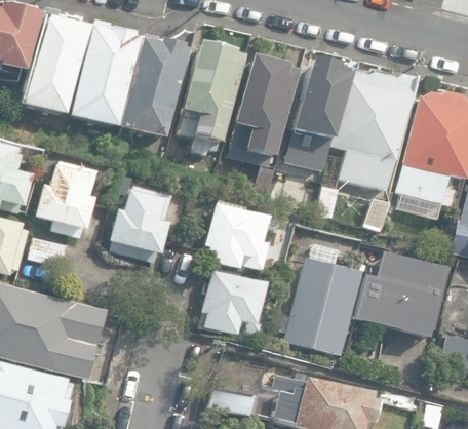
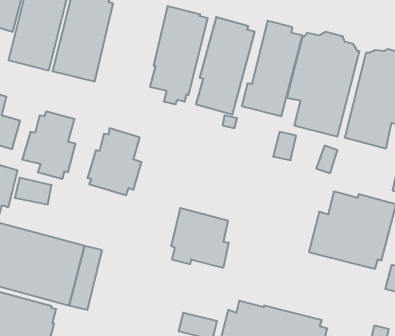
building: [118,42,187,140] -> none
building: [205,201,271,267] -> none
building: [284,257,362,355] -> none

